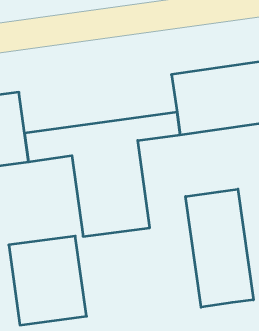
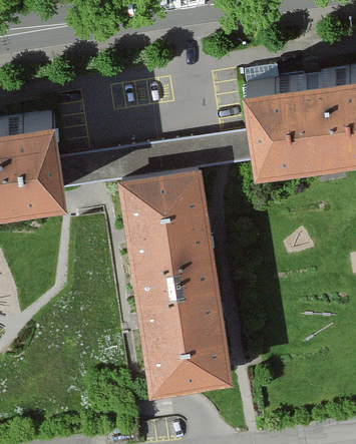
building: [186,189,253,307] -> none
building: [9,236,87,325] -> [134,286,232,397]

